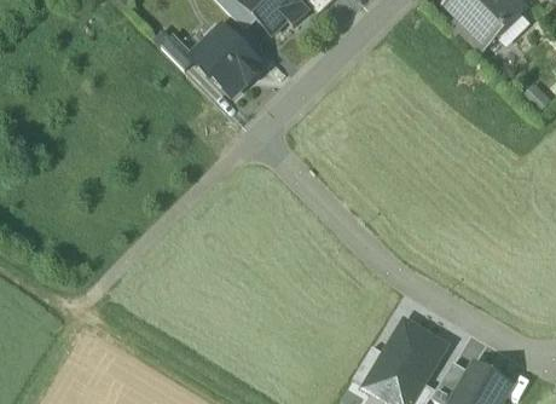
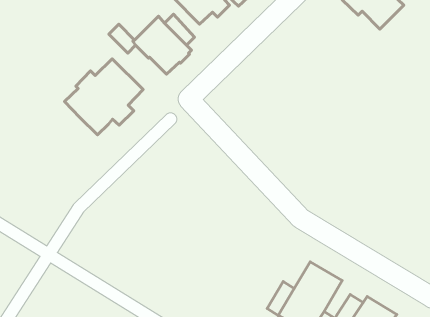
building: none -> [64,59,143,135]

